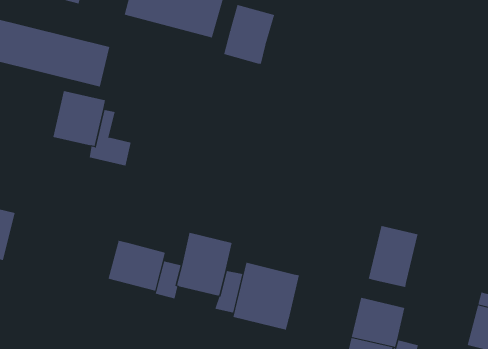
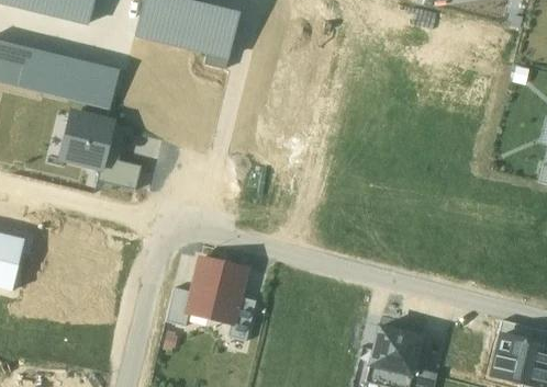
building: [224,4,275,64] -> none
building: [368,225,418,288] -> none
building: [108,240,166,292] -> none
building: [233,262,300,331] -> none

